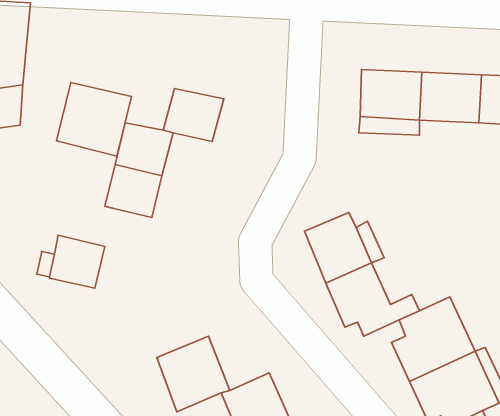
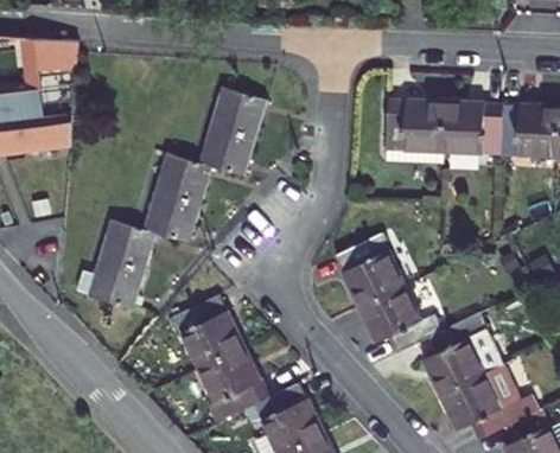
building: none -> [214,88,268,129]
building: [57,83,132,156] -> none
building: none -> [104,222,157,268]
building: none -> [178,305,246,372]

